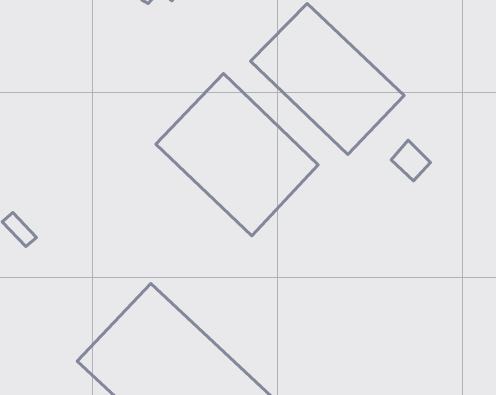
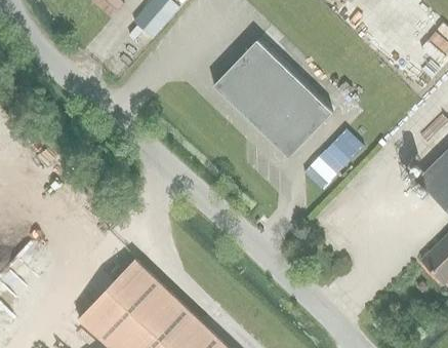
building: [156,73,318,236] -> none

